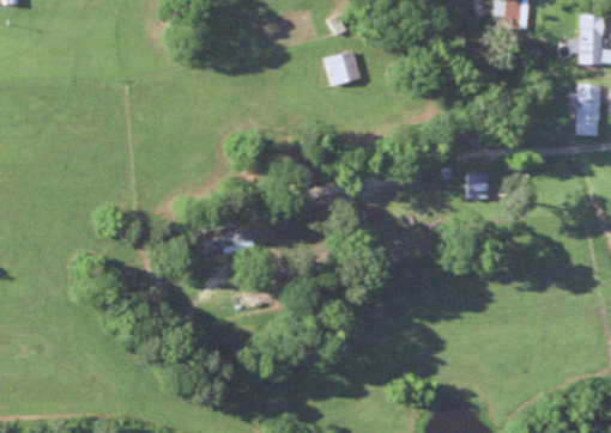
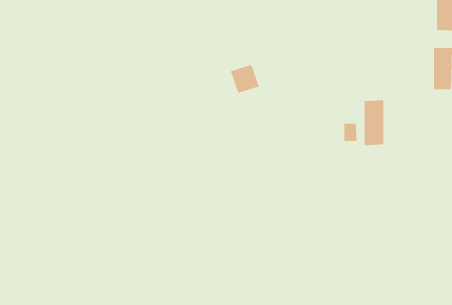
building: [325,50,361,86] -> [230,64,260,94]
building: none -> [364,100,384,146]

